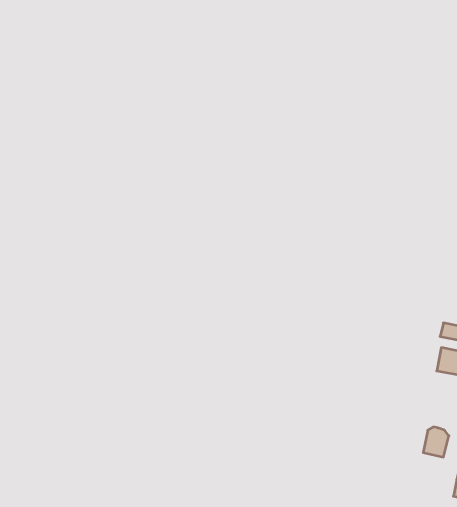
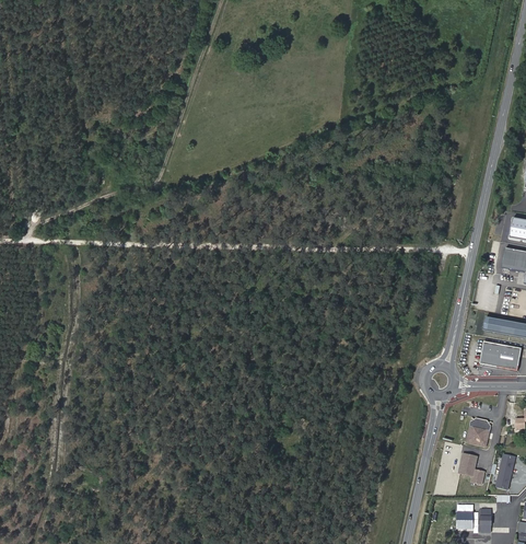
building: none -> [457,453,483,484]

